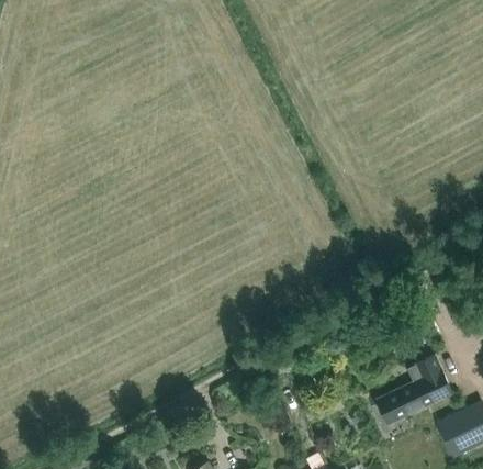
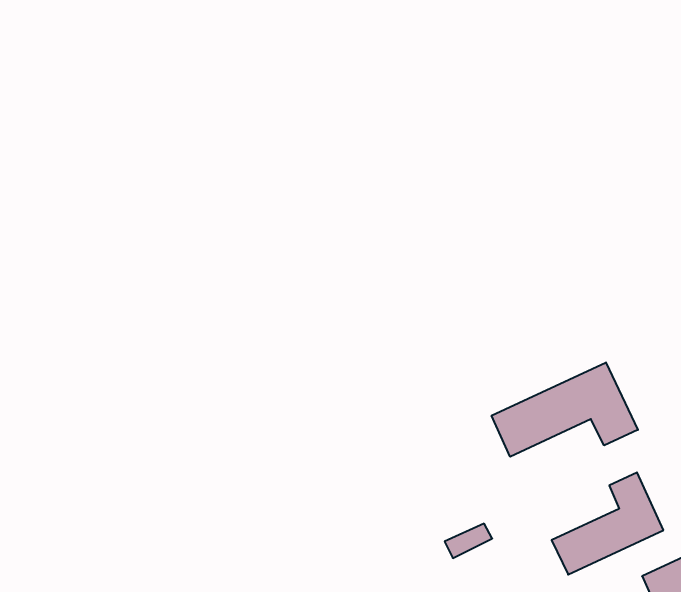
building: none -> [492,362,638,457]

